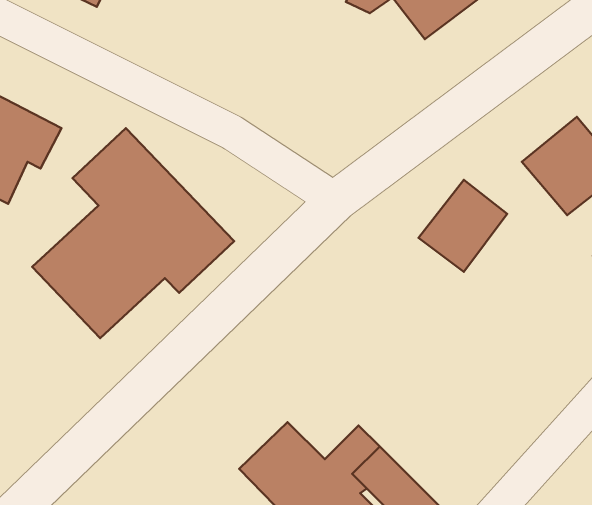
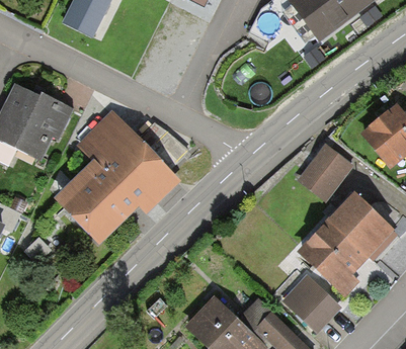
building: none -> [298,192,397,297]
building: none -> [282,274,341,332]

